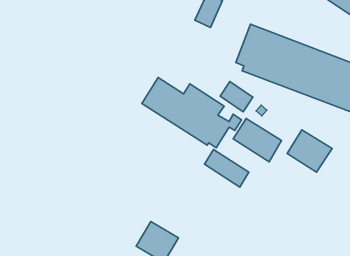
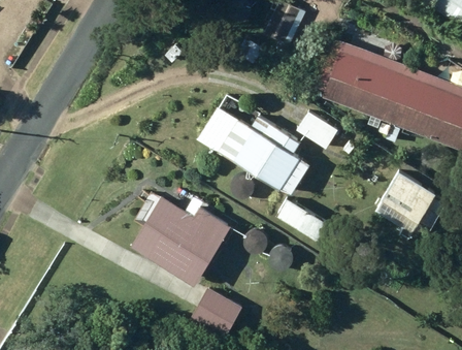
building: [233,118,282,162] -> none
building: none -> [131,197,231,286]

